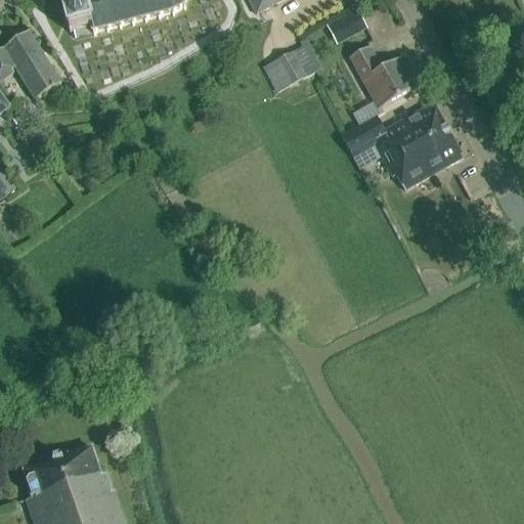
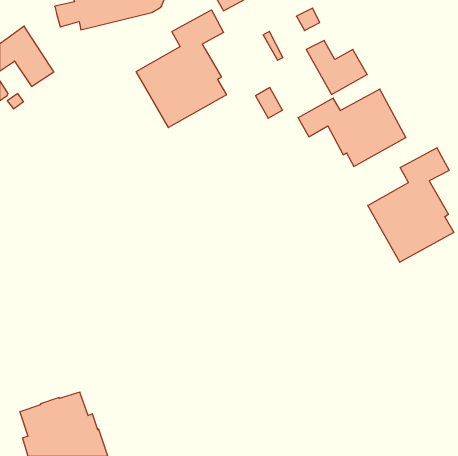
building: none -> [136,10,226,128]
building: [274,49,305,84] -> [256,88,283,118]
building: none -> [368,148,454,262]

